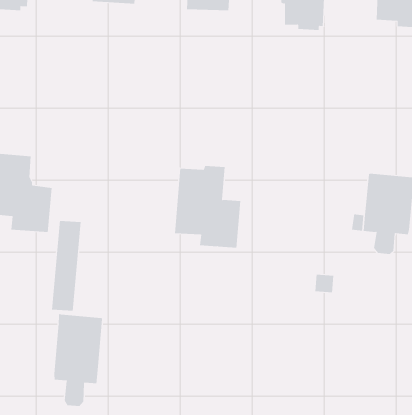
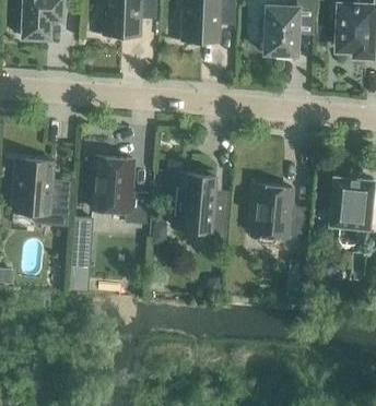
building: none -> [93,157,149,224]
building: none -> [251,184,307,246]
building: [54,313,103,407] -> none

